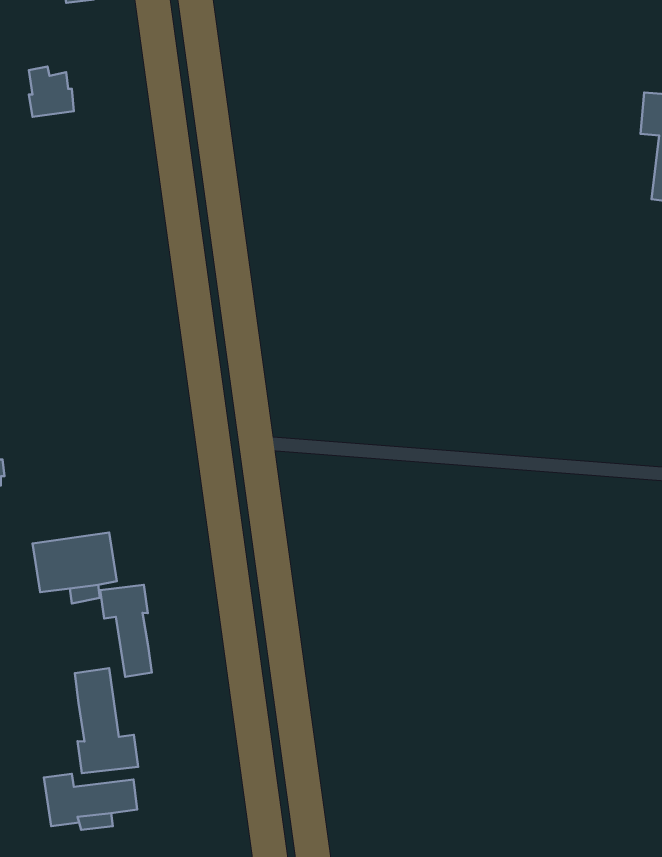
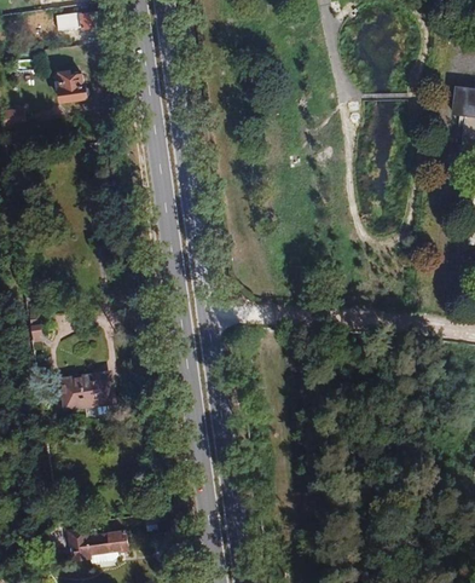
building: [100,585,152,677] -> none
building: [75,668,138,773] -> none

